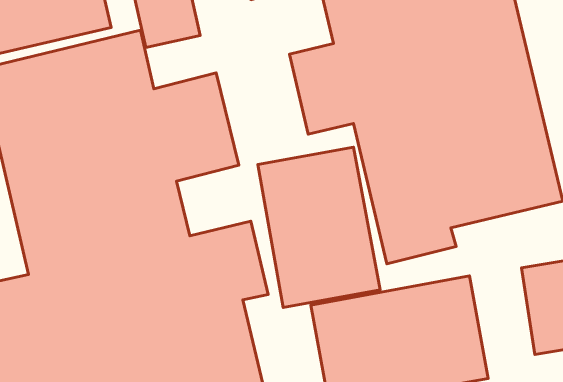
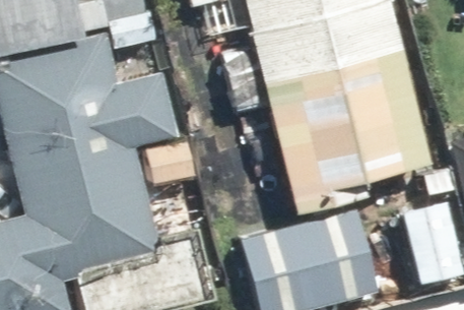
building: [258,147,380,307] -> none

